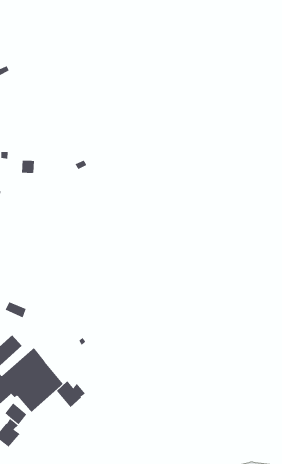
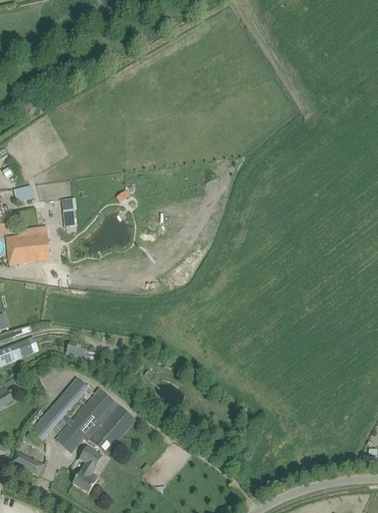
building: [56,380,86,408] -> none

